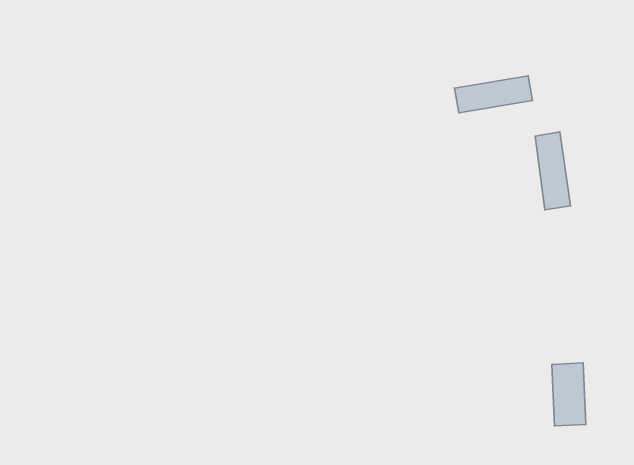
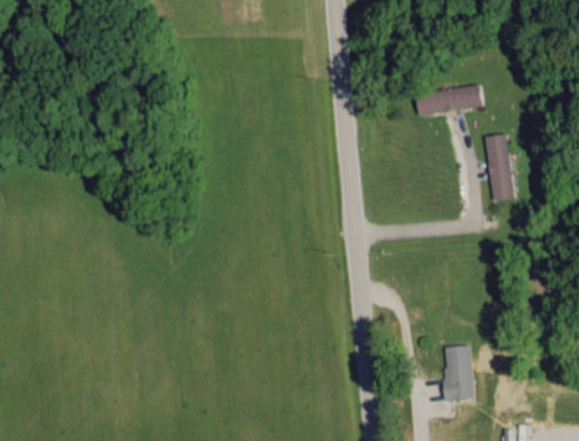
building: [552,363,586,426] -> [444,345,473,400]

